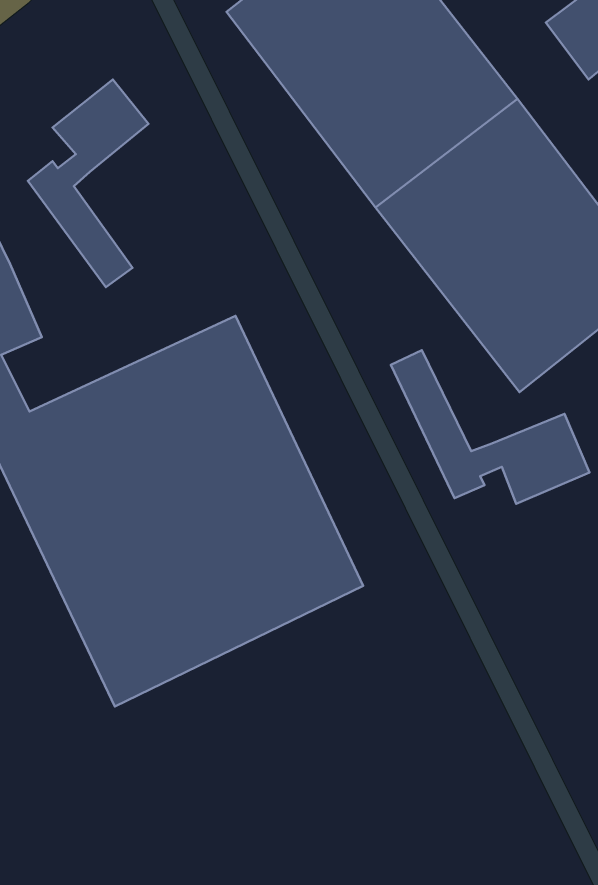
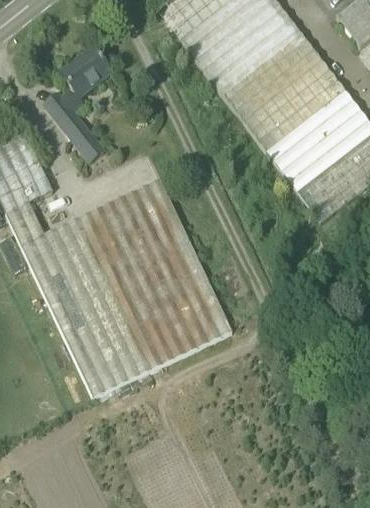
building: [391,350,590,504] -> none

